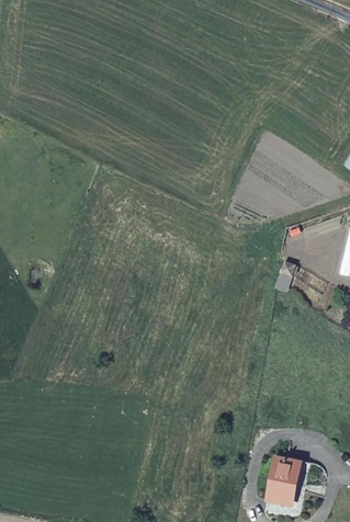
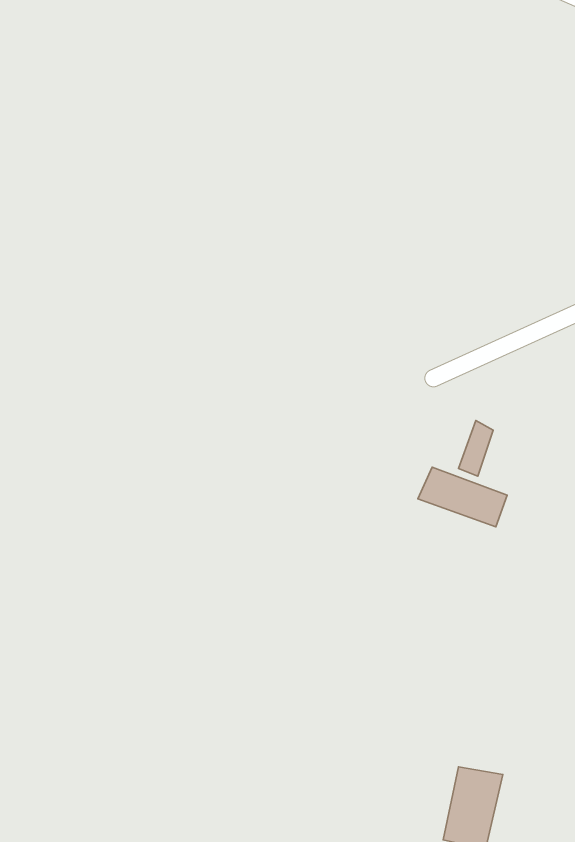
building: none -> [418,467,507,527]

